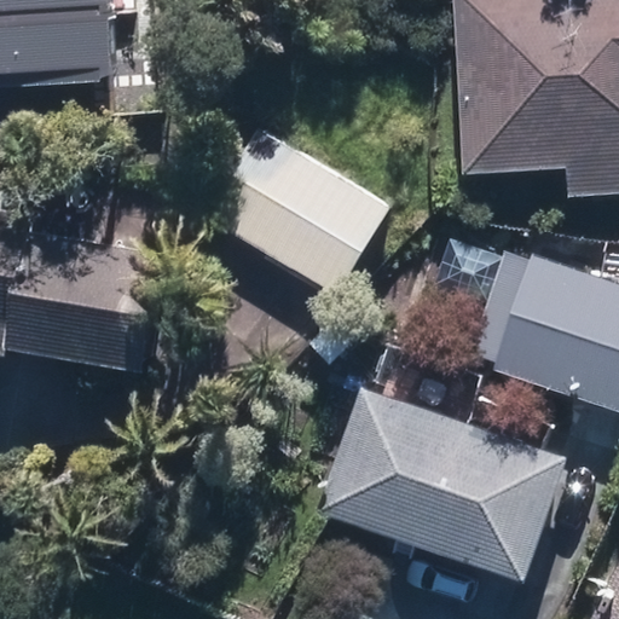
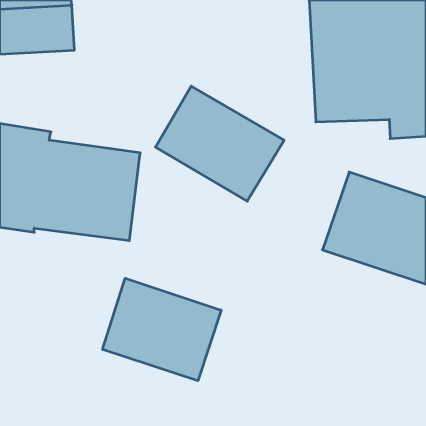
building: [326,389,573,577] -> none
building: none -> [103,278,221,381]

